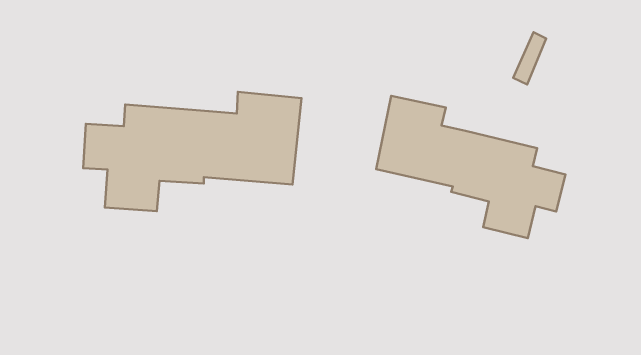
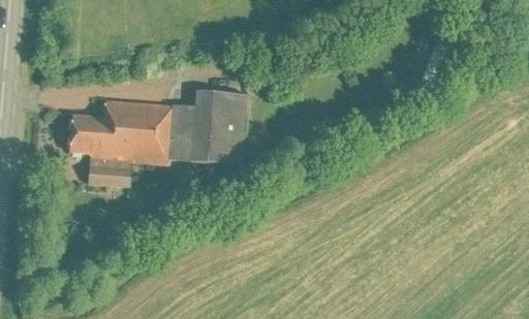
building: [376,96,565,238] -> none

